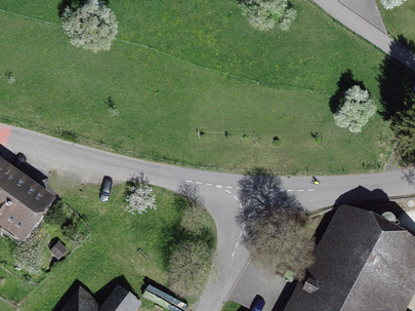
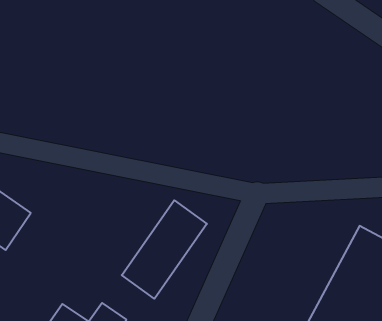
building: none -> [122,200,207,299]

